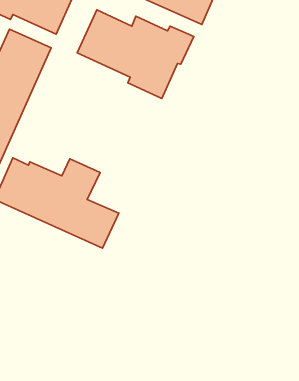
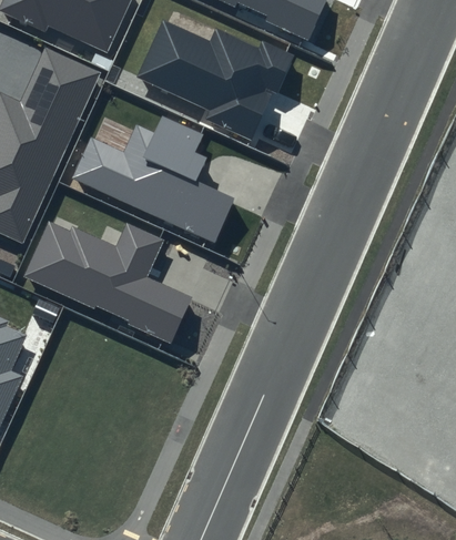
building: none -> [71,115,233,242]

